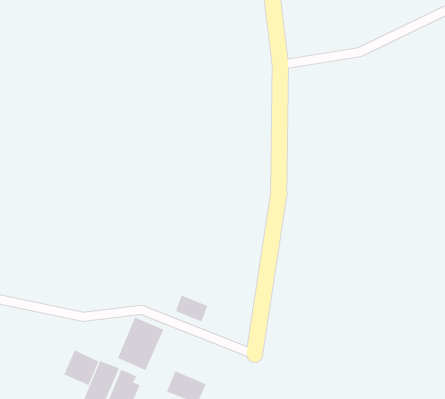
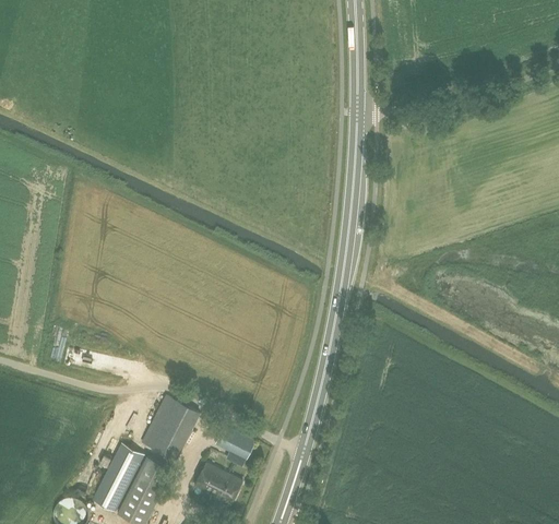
building: [175,295,208,322] -> [215,426,254,460]
building: [63,349,99,386] -> none

